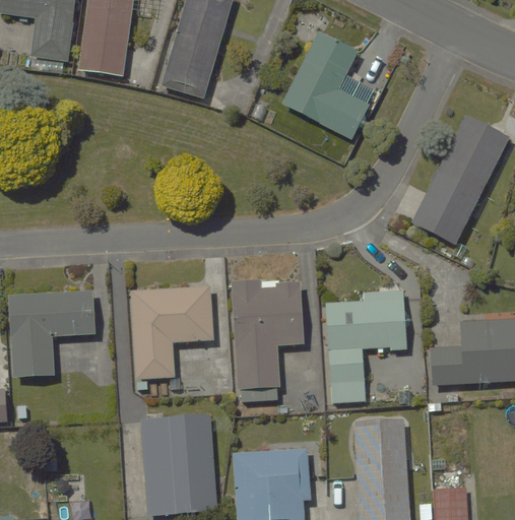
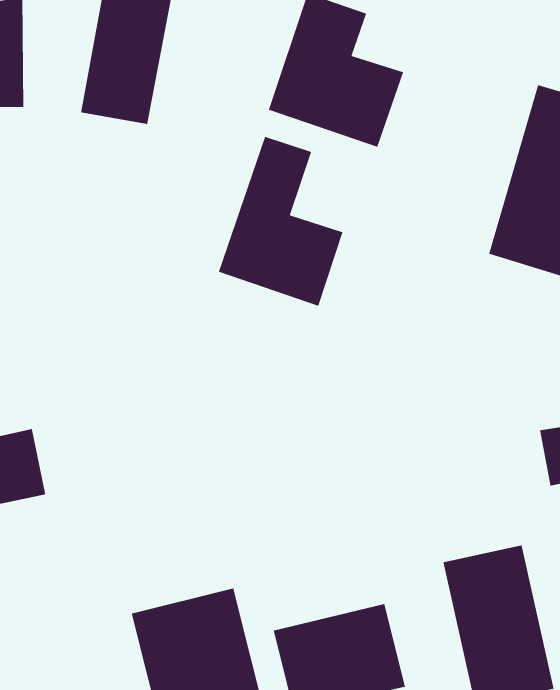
building: none -> [218,136,344,307]
building: [228,271,303,388] -> none
building: [130,280,213,380] -> none
building: [328,290,408,403] -> none

